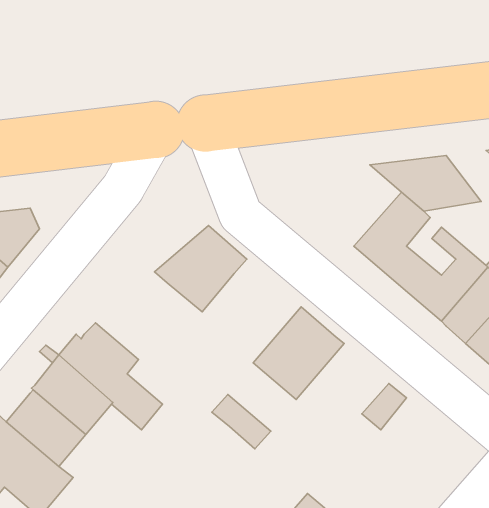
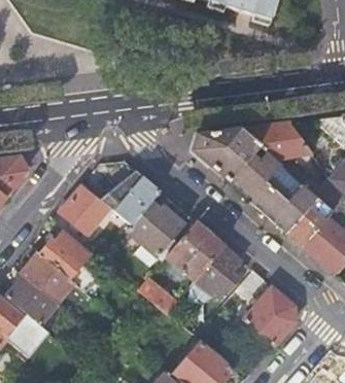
building: none -> [192,129,261,181]
building: none -> [59,182,109,237]
building: none -> [127,199,185,255]
building: none -> [193,244,241,298]
building: none -> [242,286,296,346]

